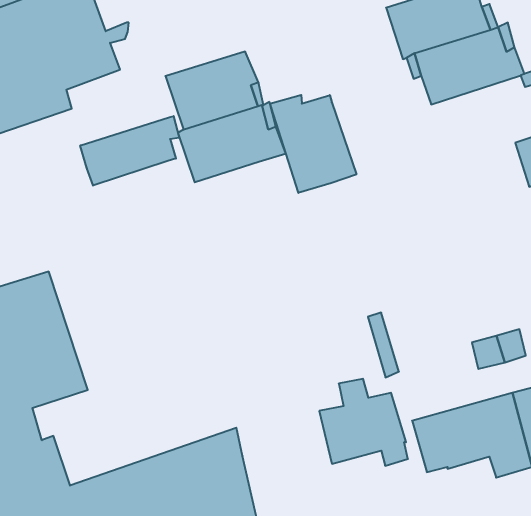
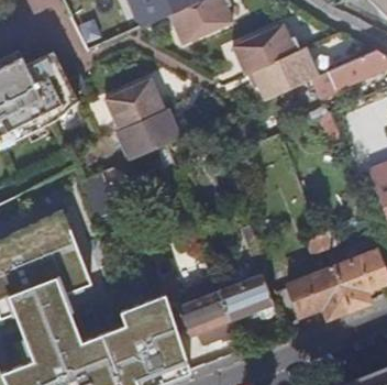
building: [270,95,356,193] -> none
building: [80,116,179,186] -> none
building: none -> [163,278,230,337]

